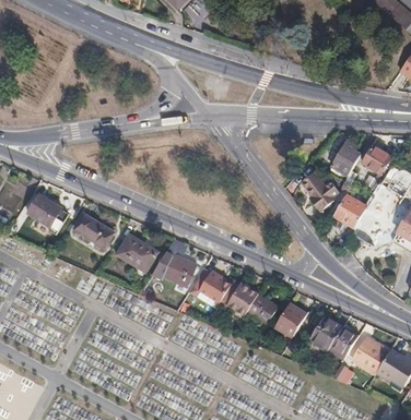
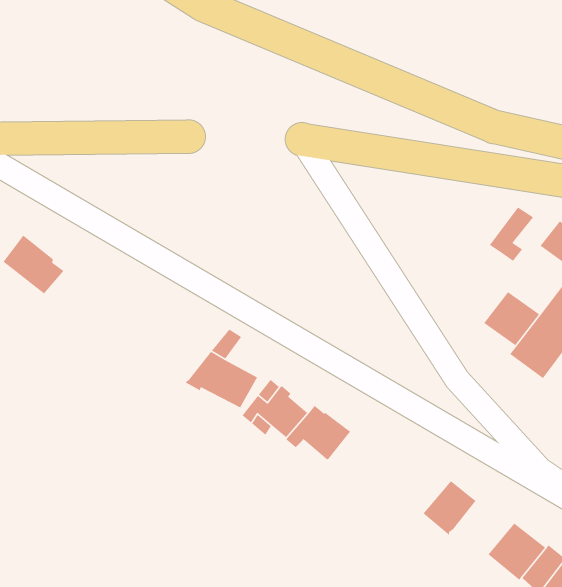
building: [301,171,337,209] -> none
building: [73,214,111,247] -> none
building: [115,232,157,271] -> none
building: [246,293,277,323] -> none
building: [274,302,306,336] -> none
building: [327,326,357,359] -> none

